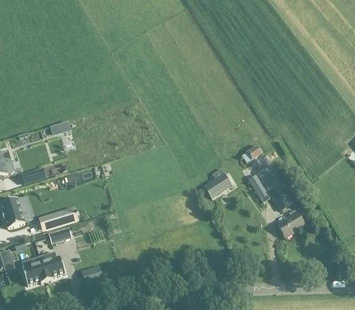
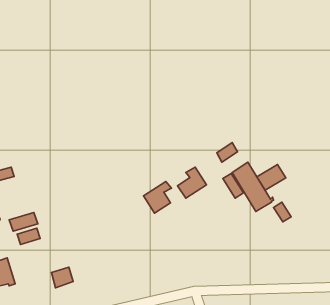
building: none -> [143,181,171,213]
building: [276,212,304,237] -> [257,165,286,190]
building: [38,251,64,281] -> none

